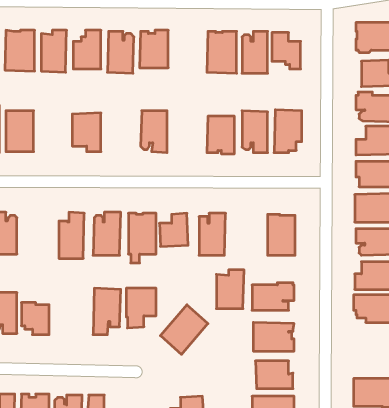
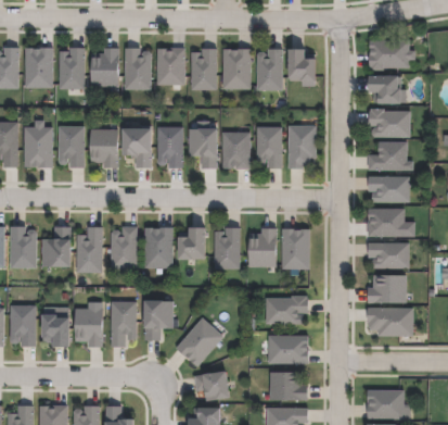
building: none -> [192,48,217,89]
building: none -> [59,126,85,167]
building: none -> [129,128,156,167]
building: none -> [190,128,217,167]
building: none -> [42,226,68,266]
building: [216,270,244,309] -> [249,228,277,266]
building: none -> [75,308,103,347]
building: none -> [194,372,228,401]

